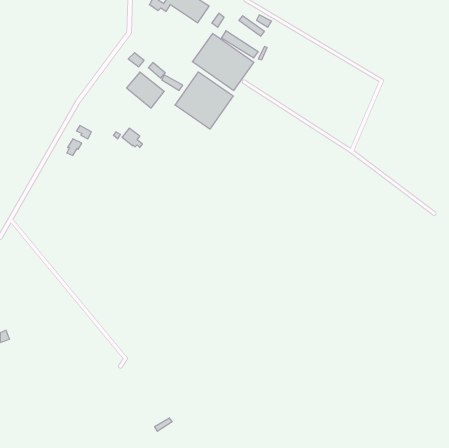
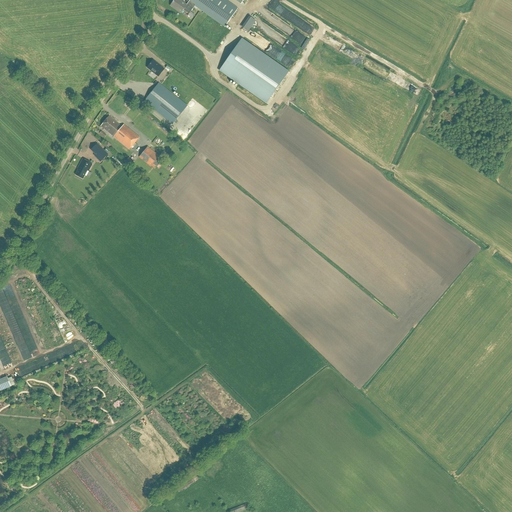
building: [175,72,233,129] -> none
building: none -> [100,115,139,148]

